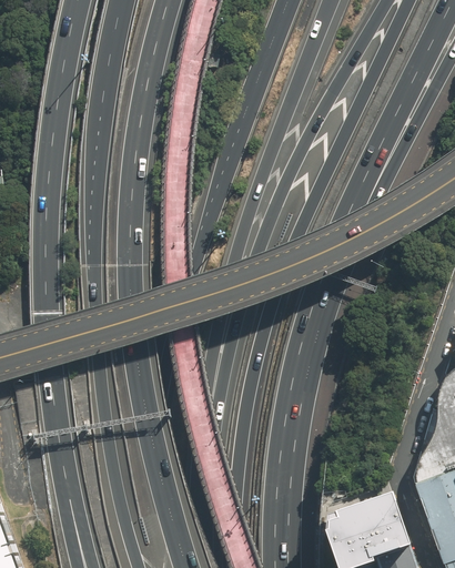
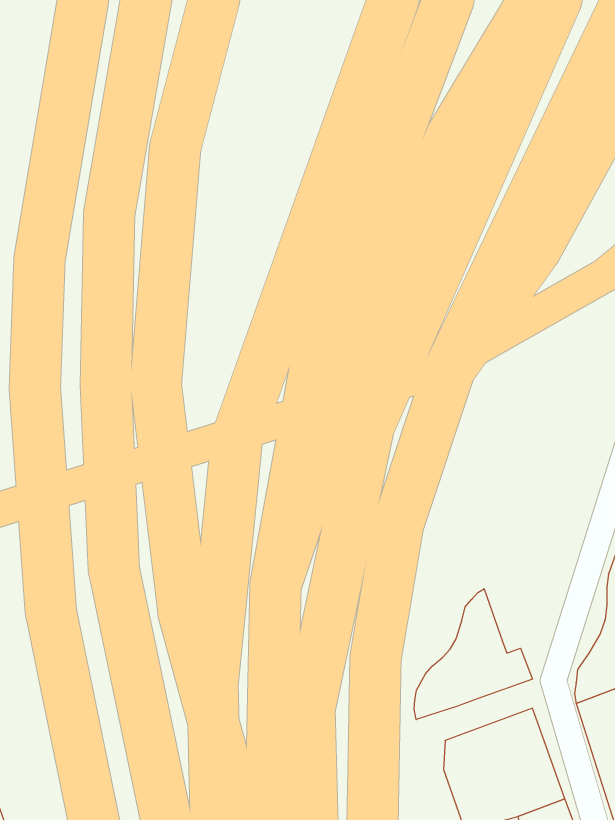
building: none -> [414,589,532,720]

